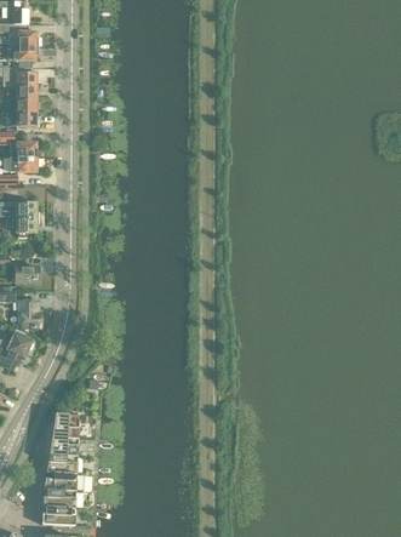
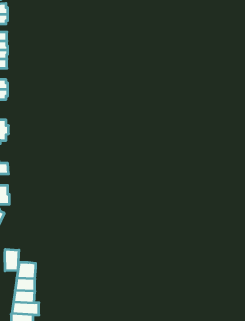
building: none -> [5,249,19,271]

